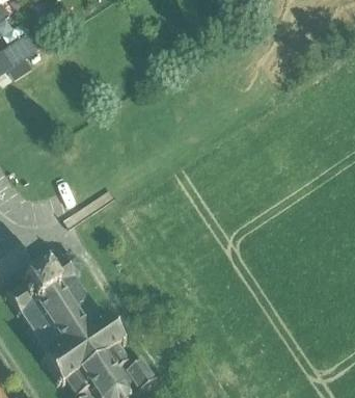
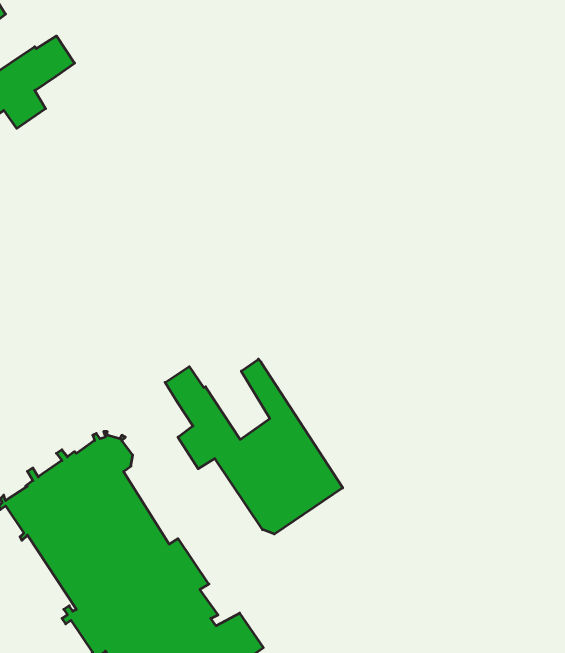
building: none -> [165,359,343,534]

